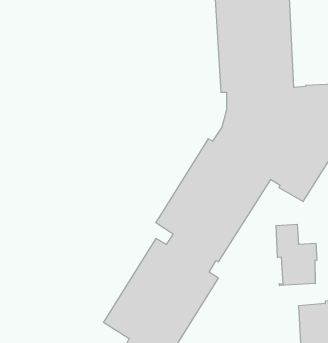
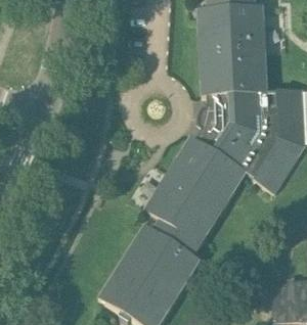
building: [276,224,317,286] -> none

